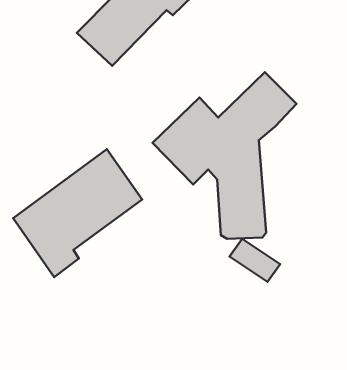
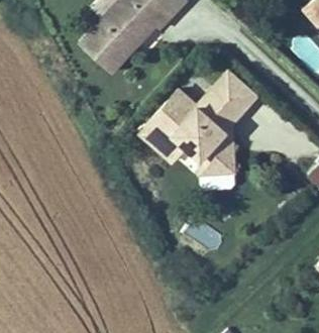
building: [13,149,142,277] -> none

